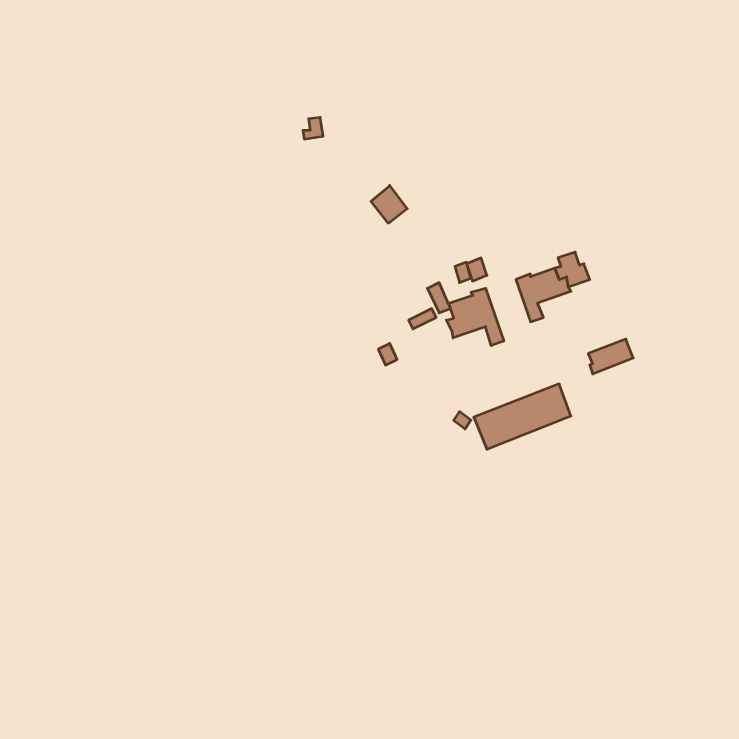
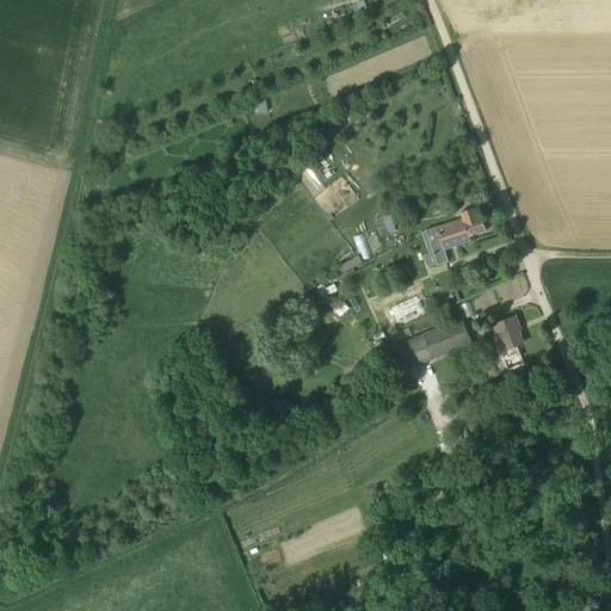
building: [446,288,504,346] -> none
building: none -> [490,317,523,352]

